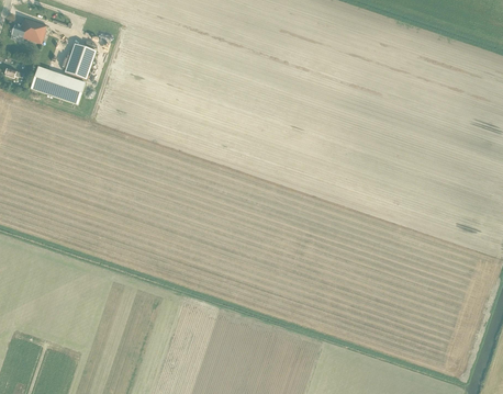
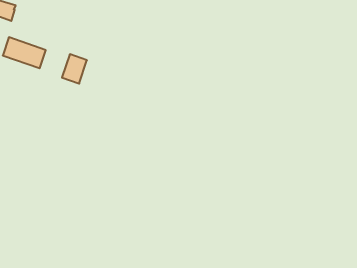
building: [64,42,96,79] -> [62,54,87,84]

